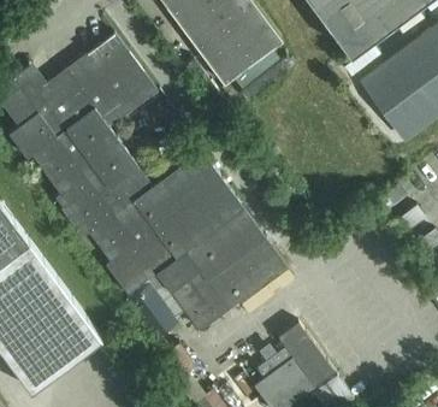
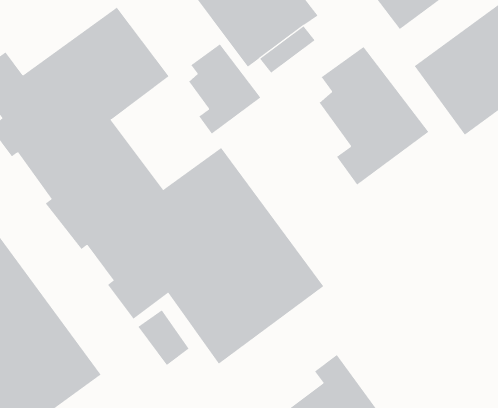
building: none -> [188,43,261,134]
building: none -> [319,46,429,185]

